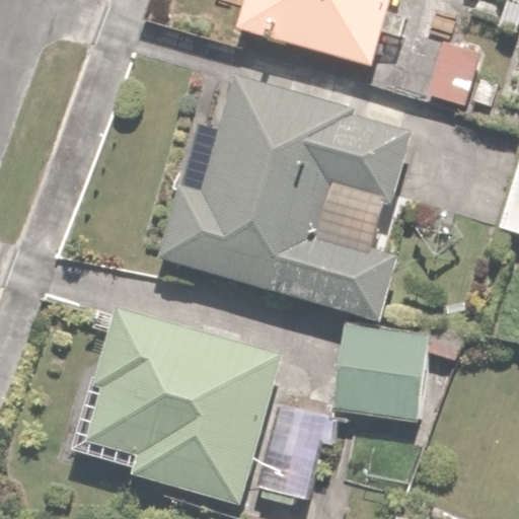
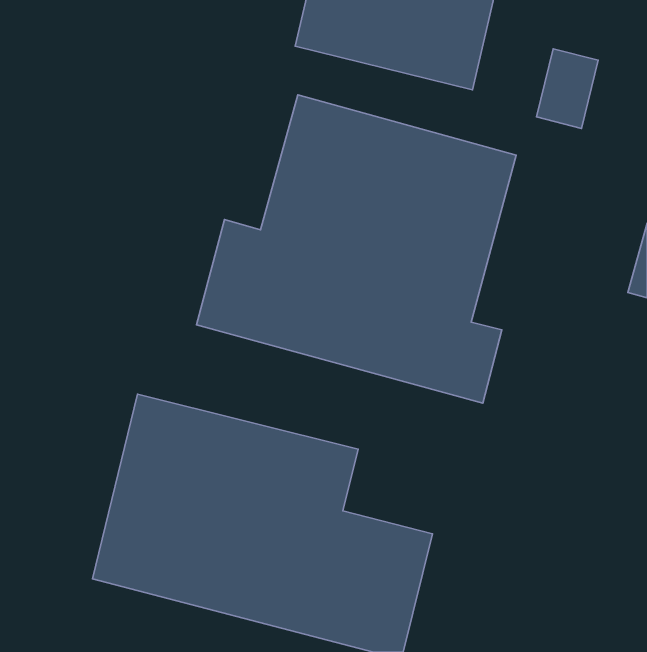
building: [328,317,431,422] -> none

